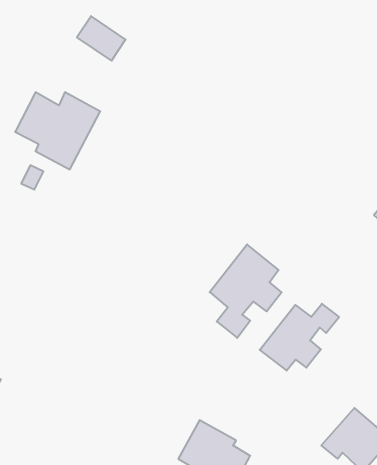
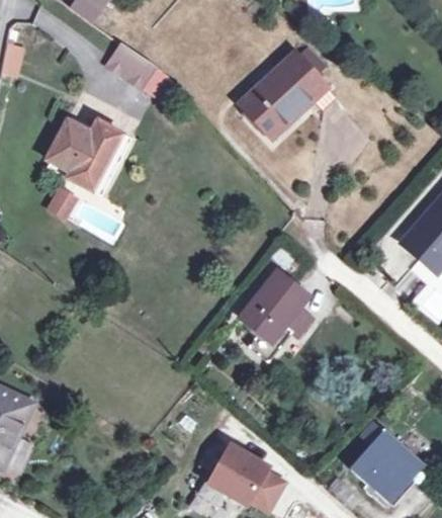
building: none -> [241,52,333,135]
building: [260,304,339,371] -> none

